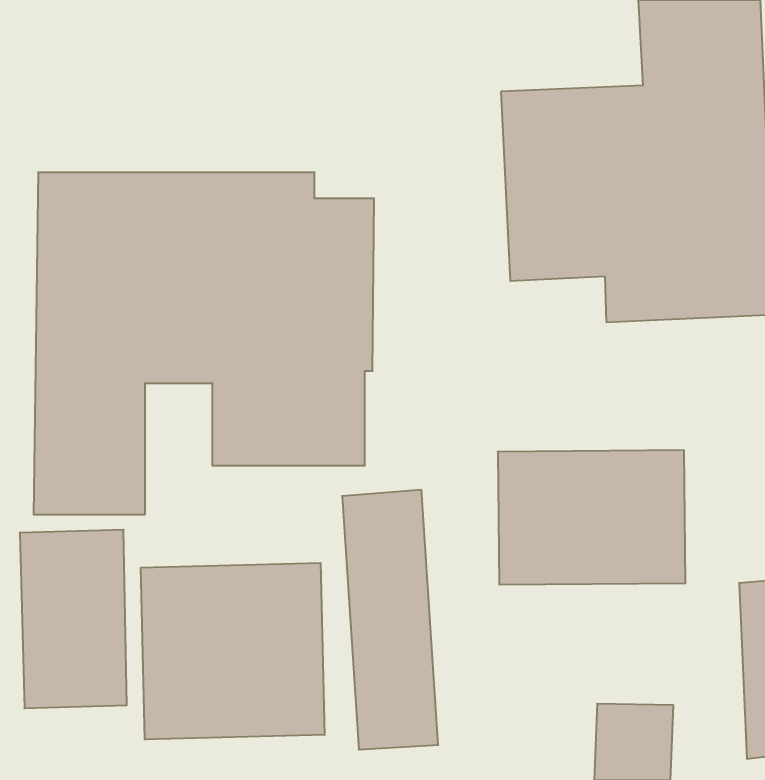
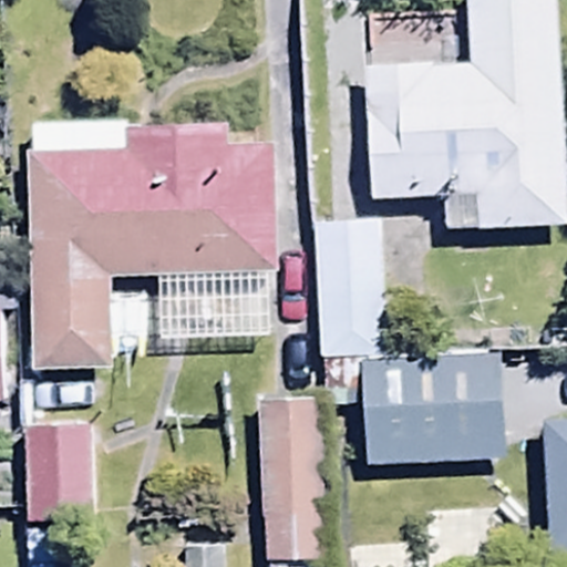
building: [141,563,325,740] -> none

